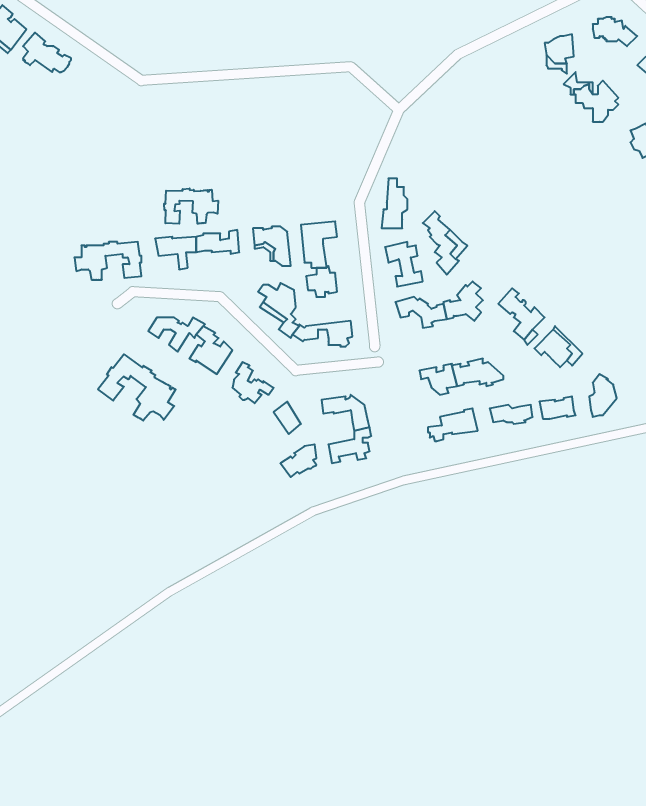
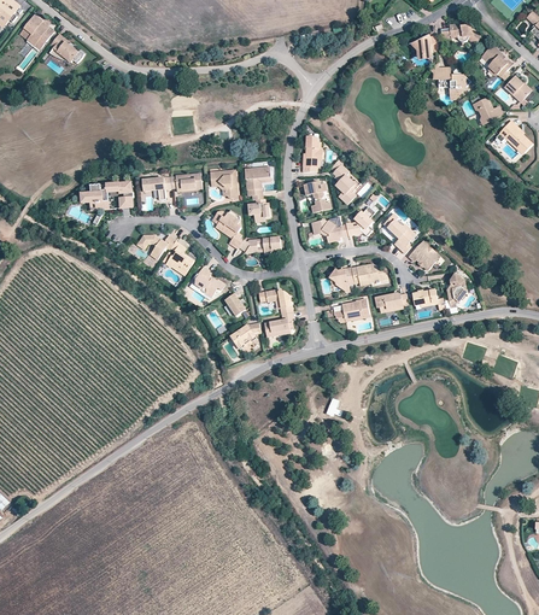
building: [164,188,218,224] -> none
building: [98,354,176,421] -> none

